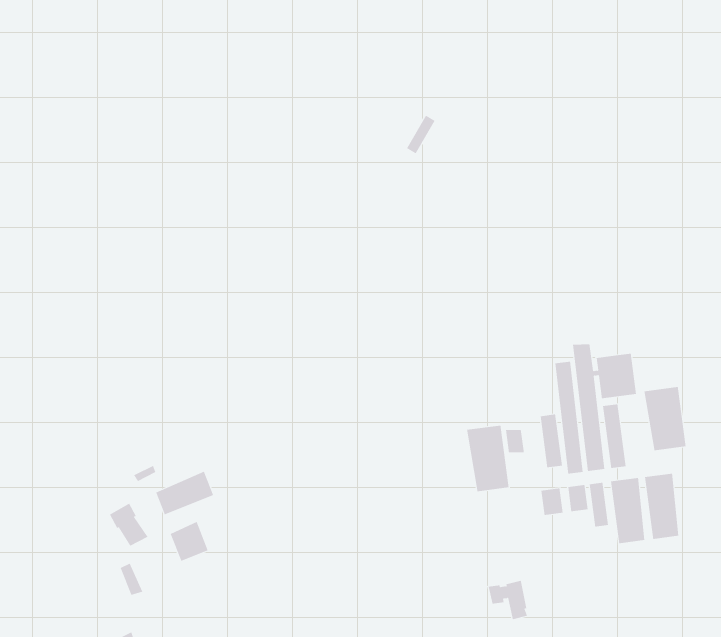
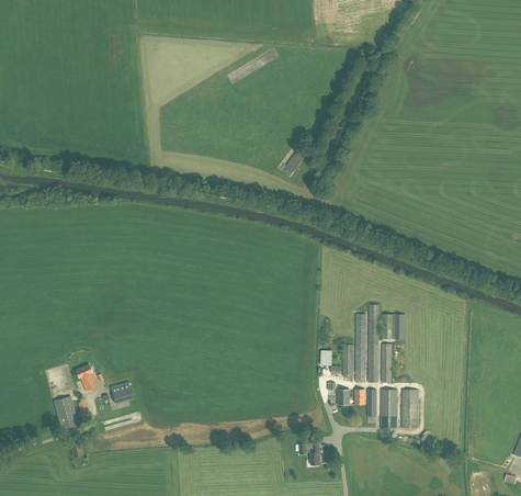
building: [644,386,686,451] -> none
building: [467,425,509,492] -> none
building: [155,471,214,515] -> none
building: none -> [53,396,79,430]

